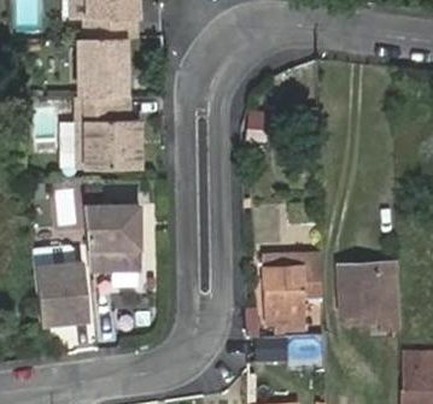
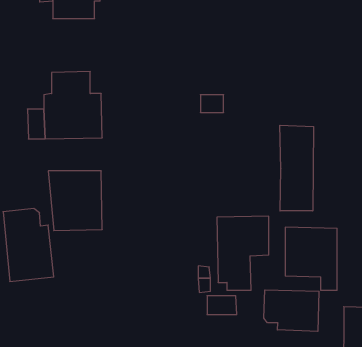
building: [77,36,127,95] -> none
building: none -> [280,125,314,211]
building: none -> [264,290,319,331]

